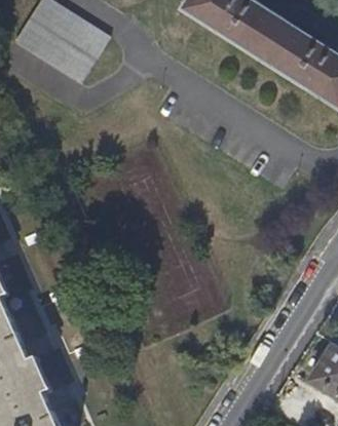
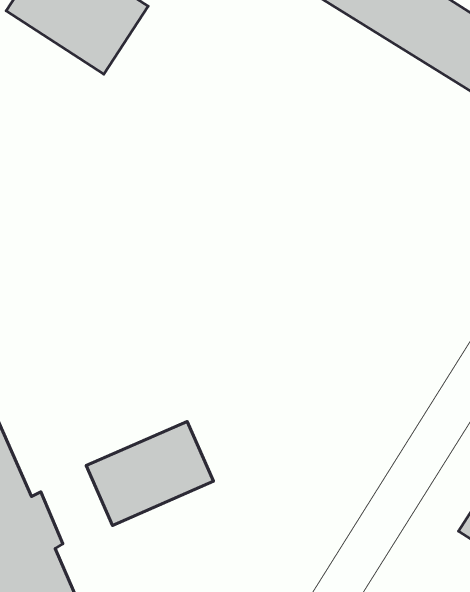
building: none -> [86,421,214,525]

